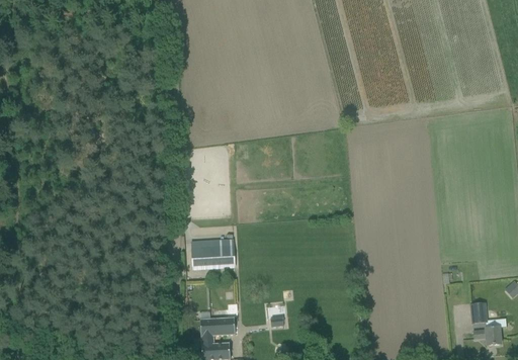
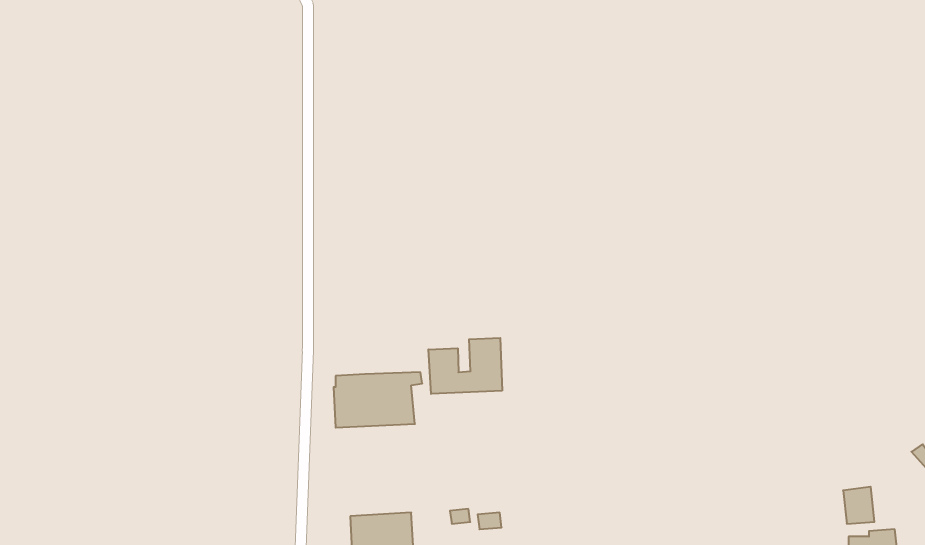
building: none -> [428,338,502,394]

